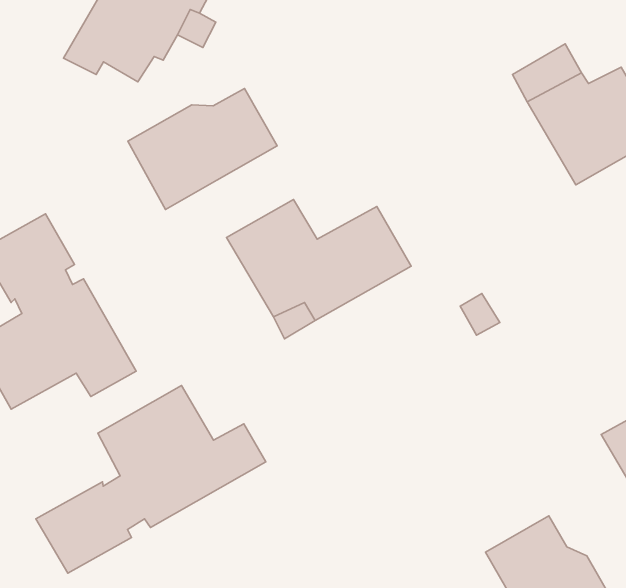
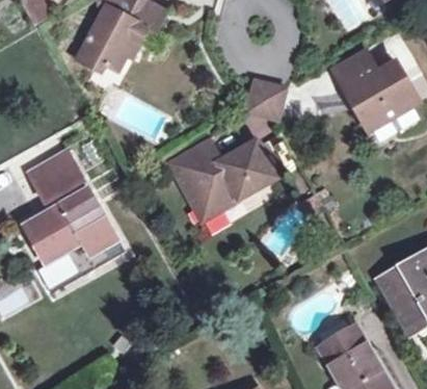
building: [128,88,277,209] -> none
building: none -> [243,83,283,124]
building: [36,386,266,573] -> none

